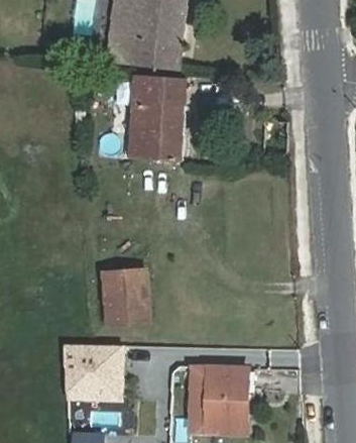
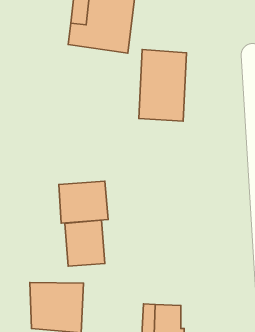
building: [129,75,186,159] -> [139,49,187,121]
building: none -> [59,181,108,223]

